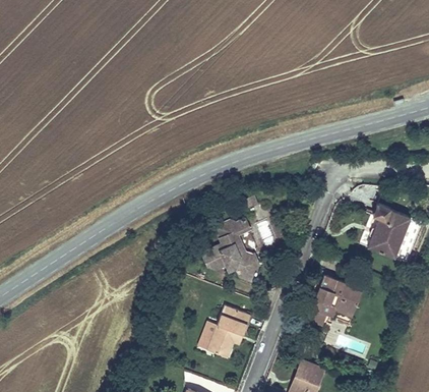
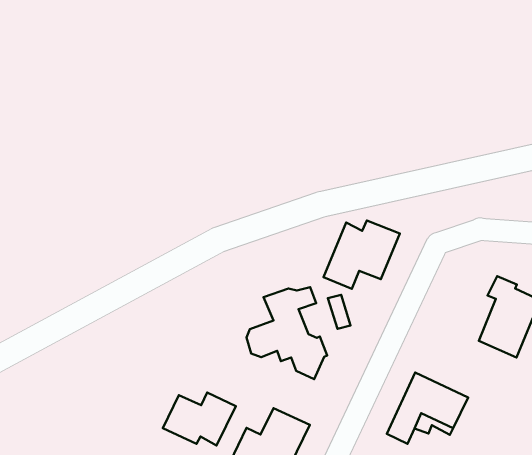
building: none -> [324,221,400,289]
building: none -> [163,392,236,445]

